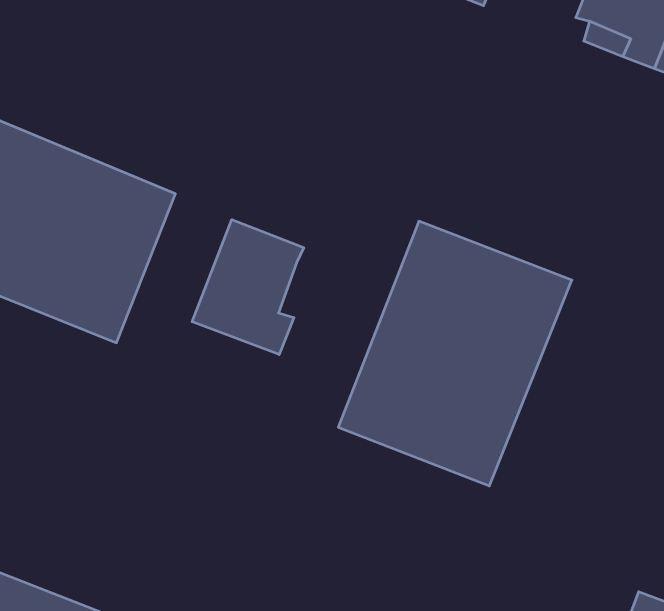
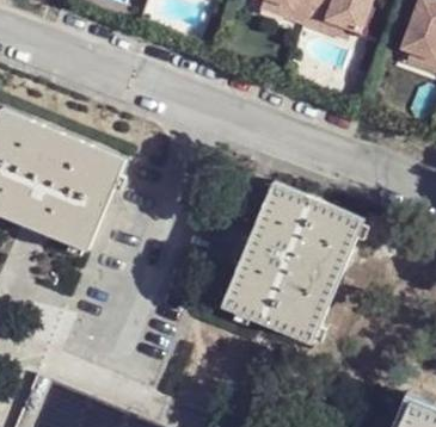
building: [192,220,304,355] -> none

